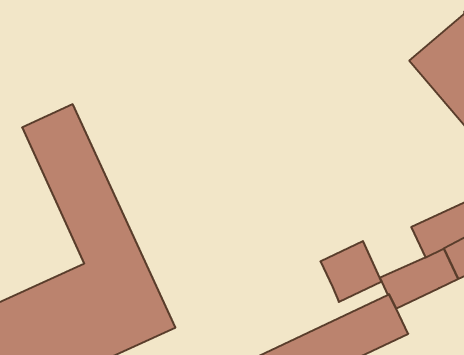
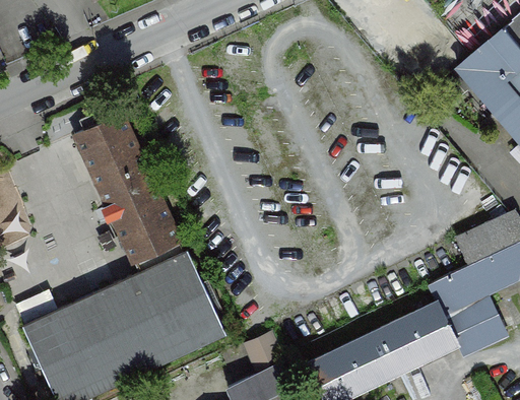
building: [320,241,381,302] -> [446,296,507,357]

